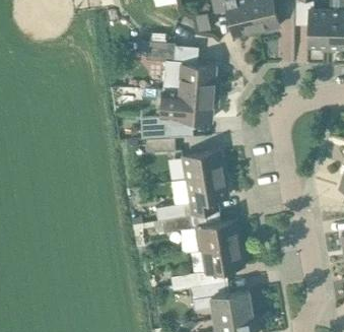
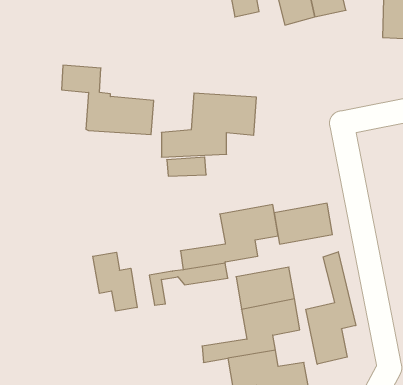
building: [145,41,214,92] -> [62,65,154,135]
building: [181,149,224,180] -> [274,203,332,244]
building: none -> [306,252,356,364]
building: none -> [93,252,137,311]

